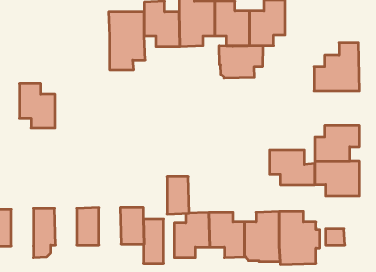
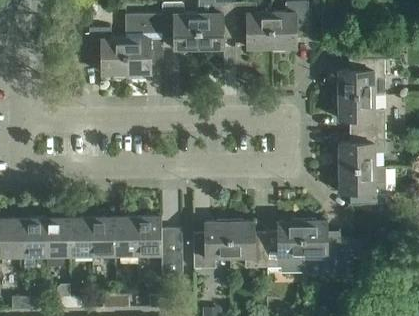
building: [219,46,263,78] -> none
building: [19,84,55,128] -> [89,28,126,74]
building: [270,150,315,185] -> [338,96,385,132]
building: [167,177,189,214] -> [115,217,138,256]
building: none -> [24,218,47,271]
building: none -> [69,218,92,256]

